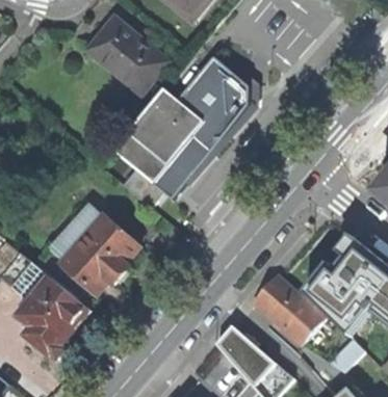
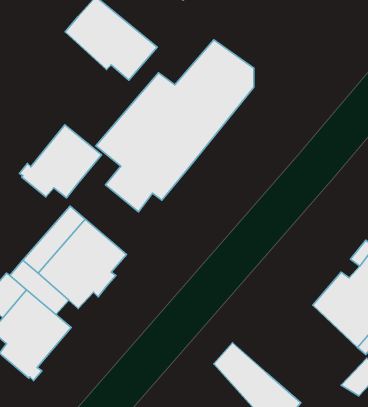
building: none -> [20,125,102,198]
building: [253,274,325,343] -> none

